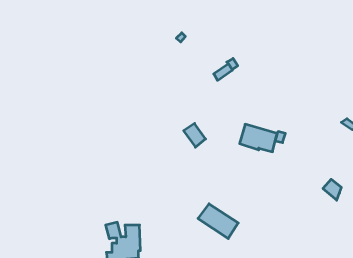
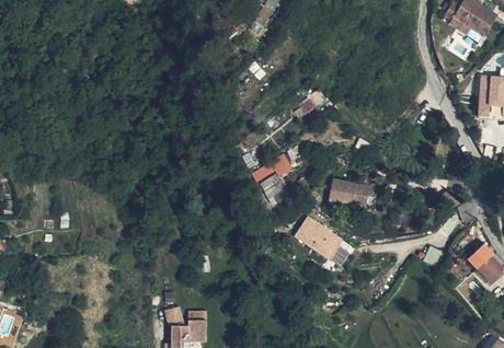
building: none -> [249,155,290,186]
building: [198,204,238,239] -> [293,219,341,260]

